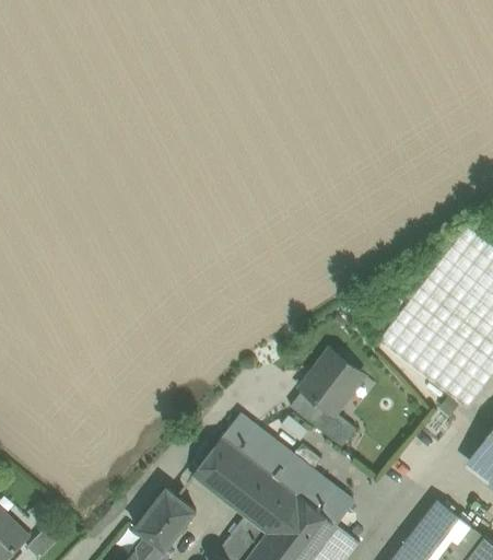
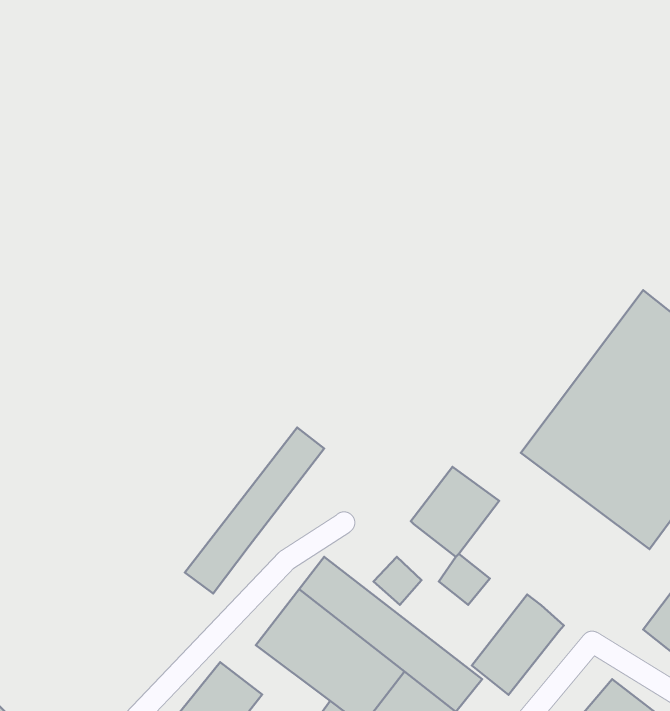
building: none -> [185,427,324,593]
building: [290,390,333,431] -> none
building: none -> [472,595,564,695]

